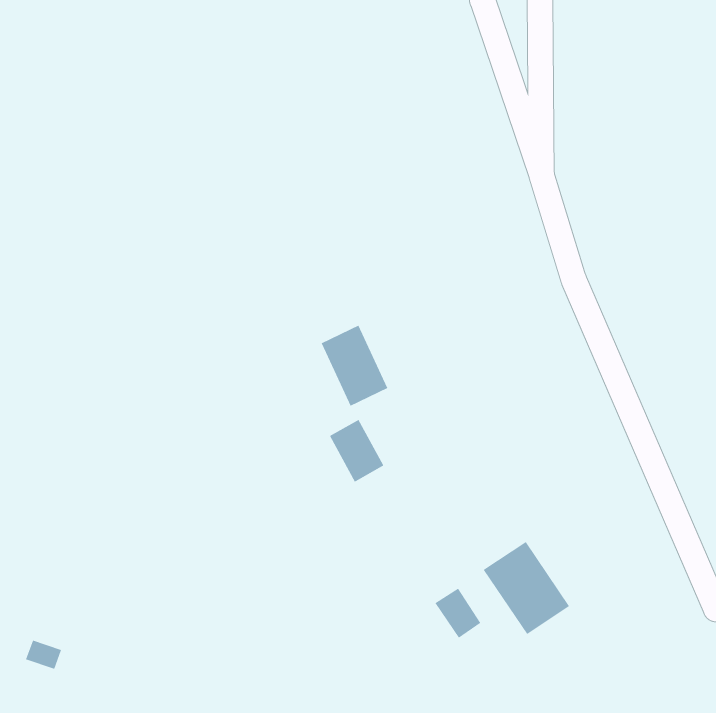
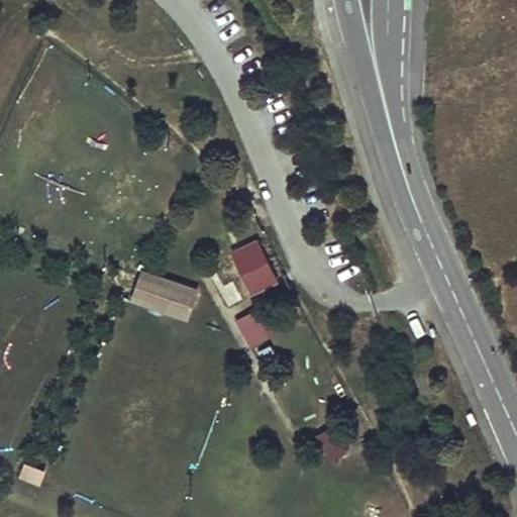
building: none -> [127,272,197,321]
building: [483,541,570,635] -> none

